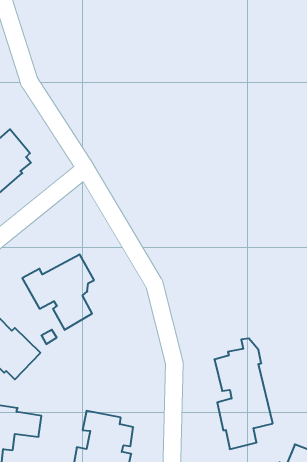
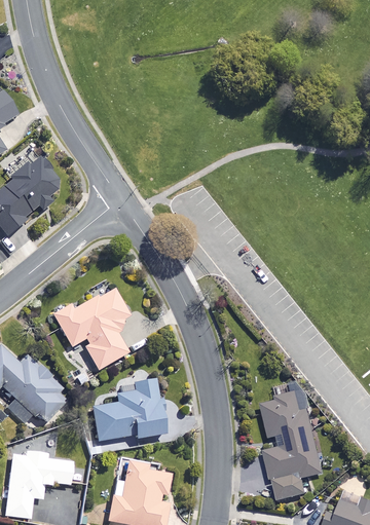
building: none -> [92,370,165,441]

